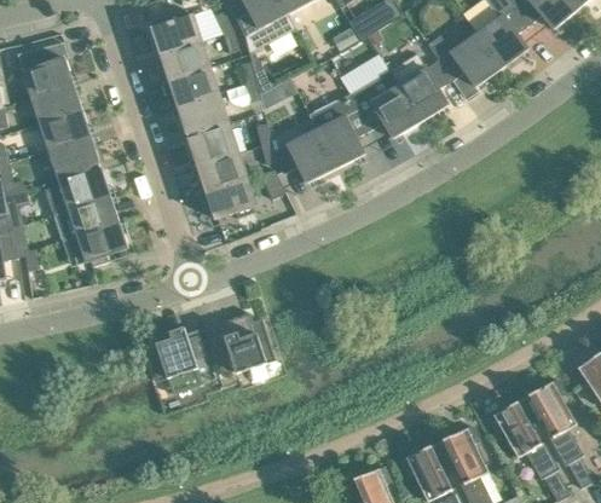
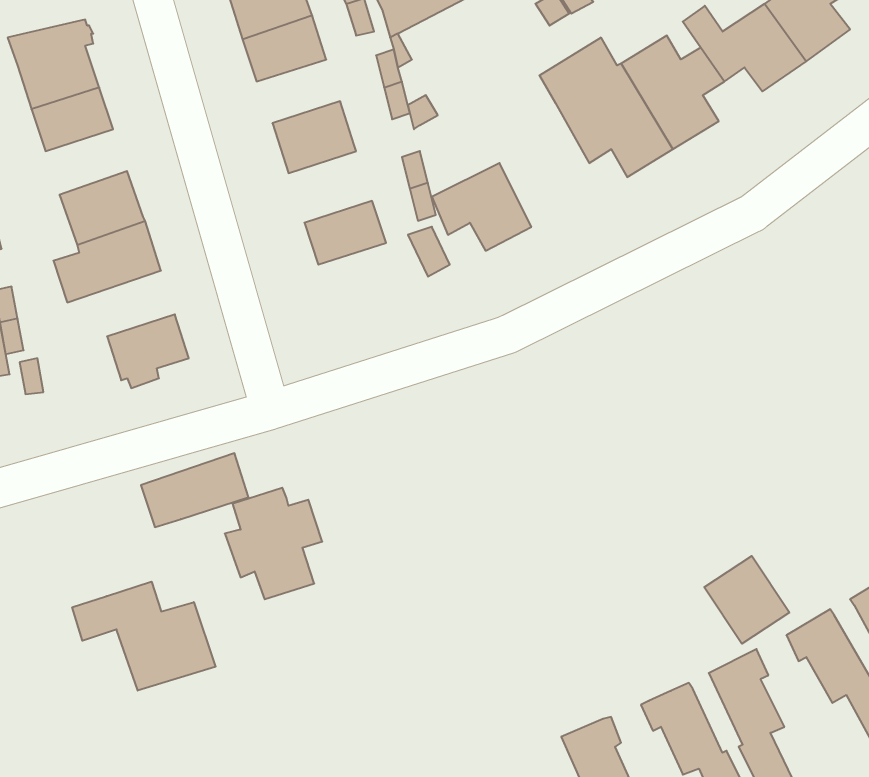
building: [161,67,218,108] -> none
building: [307,93,369,168] -> none
building: [39,109,88,149] -> none
building: [186,122,237,166] -> none
building: [204,178,255,218] -> none
building: [52,195,117,239] -> [141,453,248,527]
building: [218,312,275,372] -> none
building: none -> [704,556,789,644]
building: none -> [72,582,216,691]

